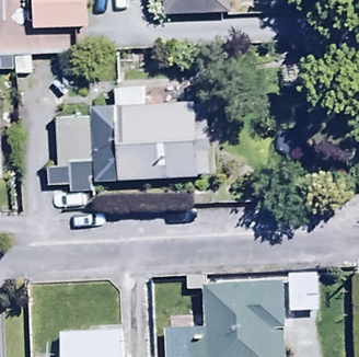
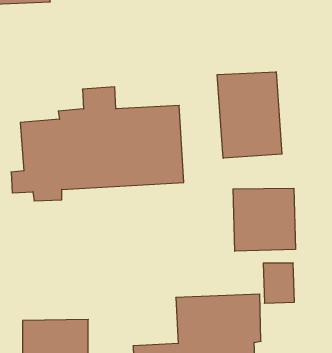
building: none -> [217,72,282,158]
building: none -> [233,188,295,251]

